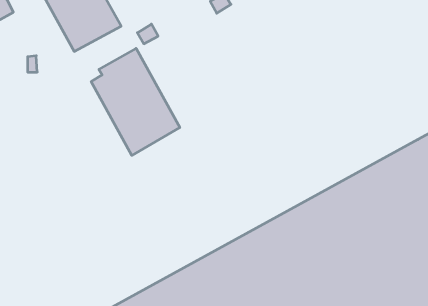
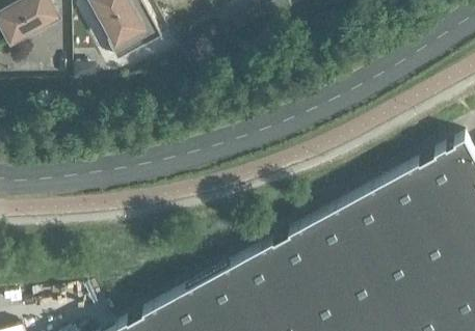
building: [91,48,180,155] -> none

